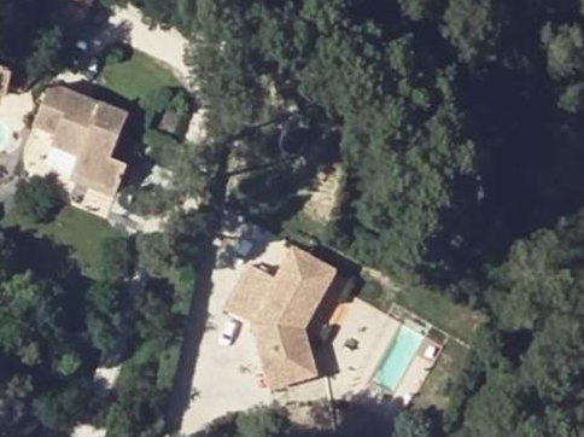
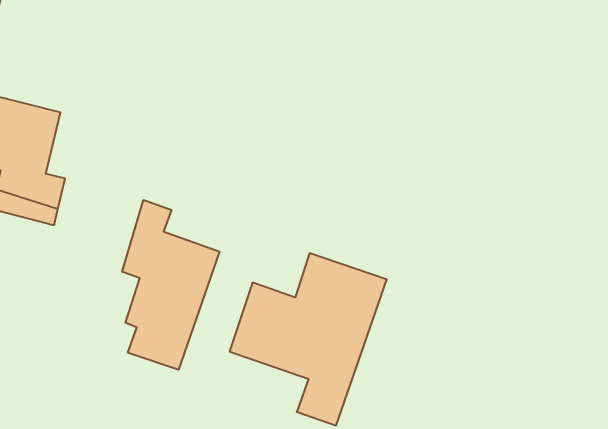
building: none -> [122,200,219,370]

